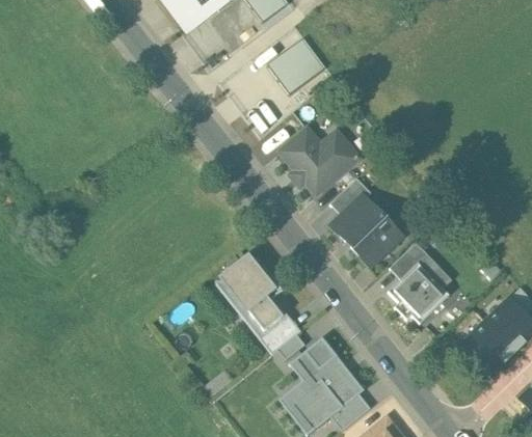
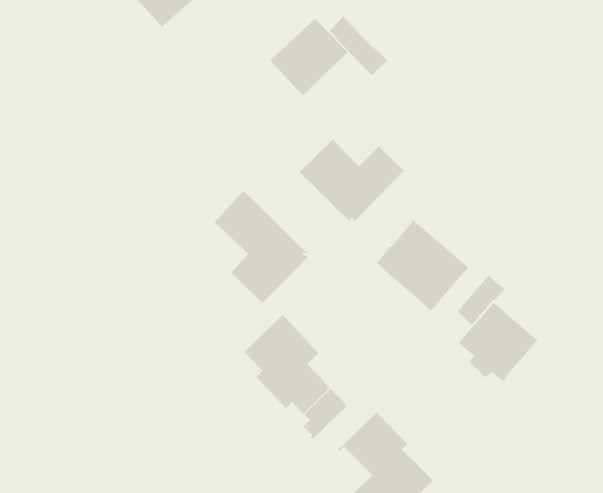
building: none -> [329,16,387,76]
building: none -> [214,190,309,304]
building: [330,177,371,215] -> none

